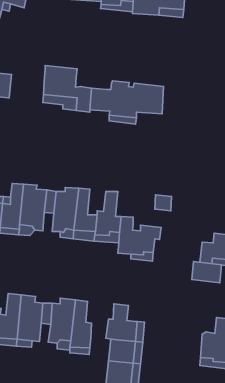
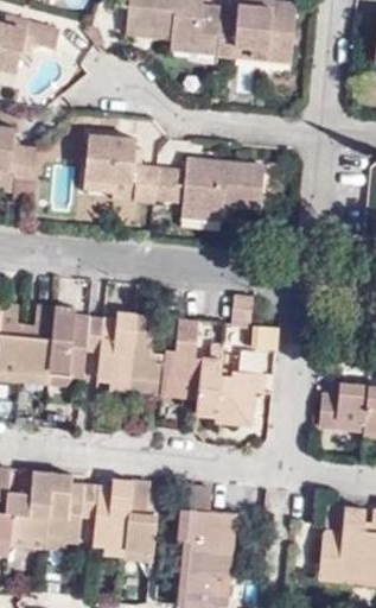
building: [192,262,222,283] -> none

